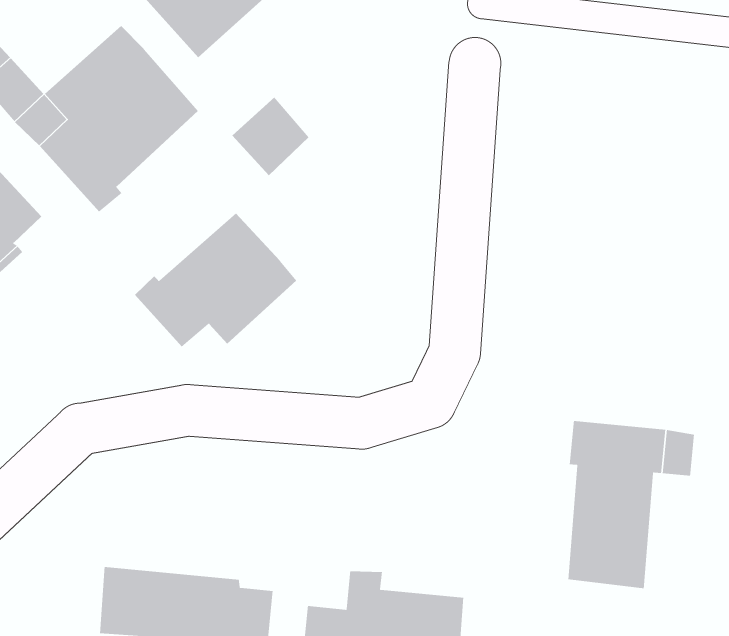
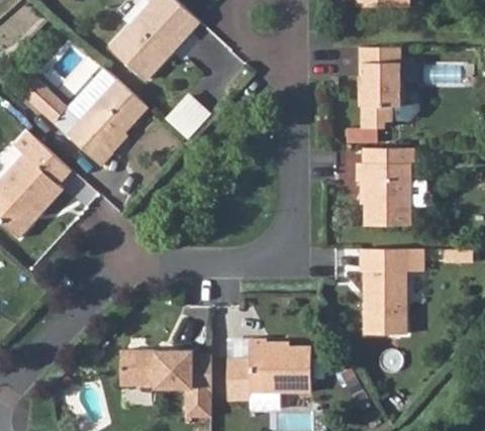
building: none -> [357,47,417,127]
building: [134,212,297,348] -> none
building: none -> [357,148,413,226]

